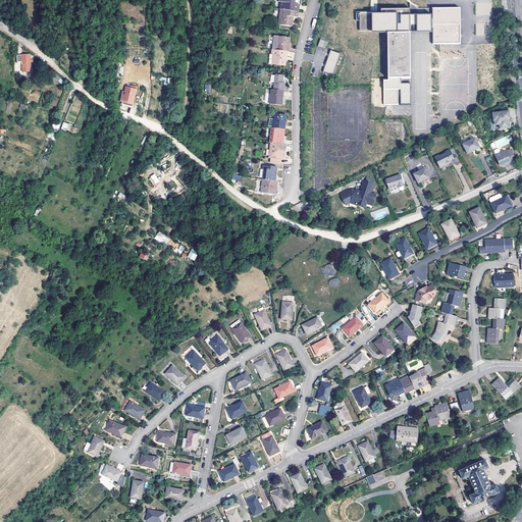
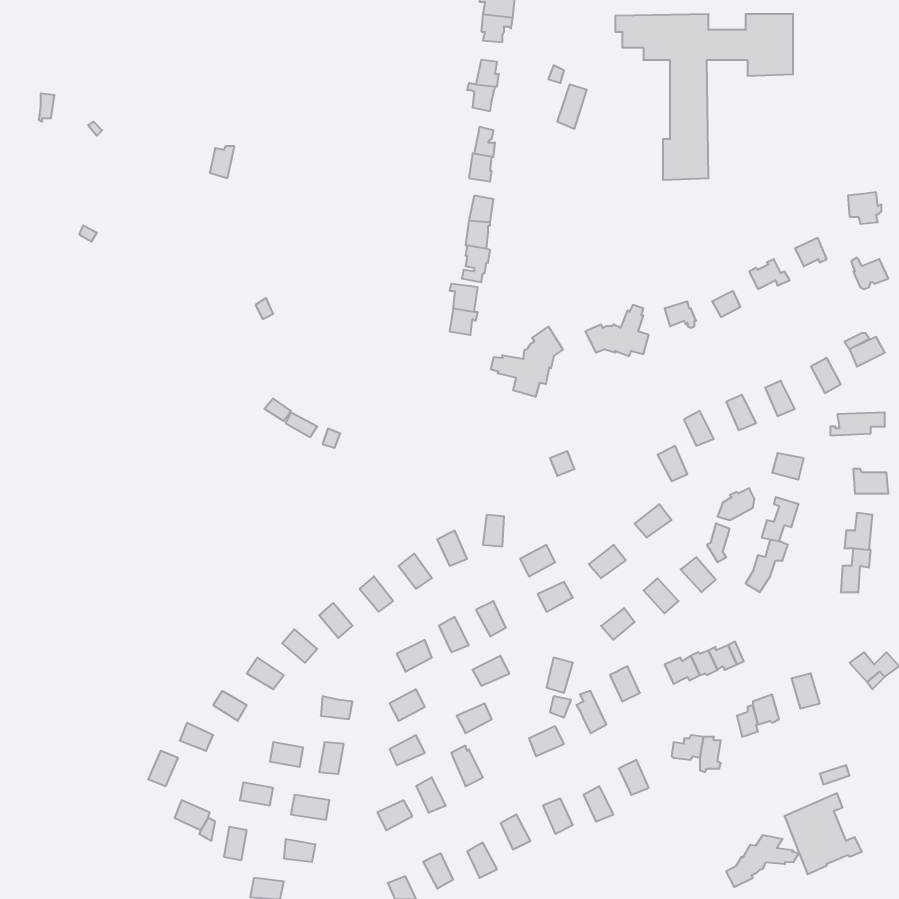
building: none -> [491,327,563,397]
building: none -> [726,835,799,887]

